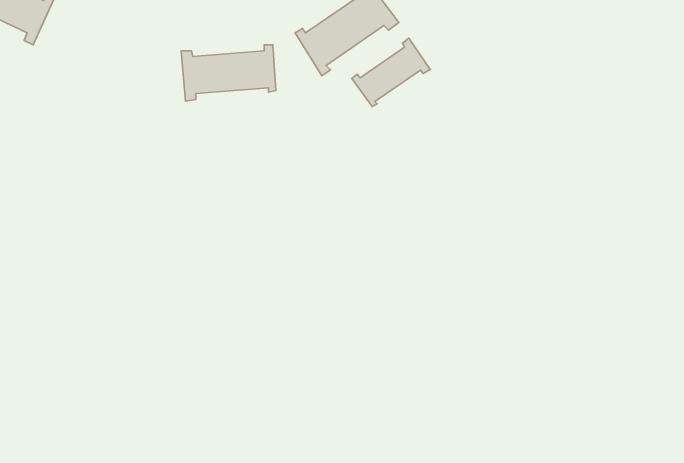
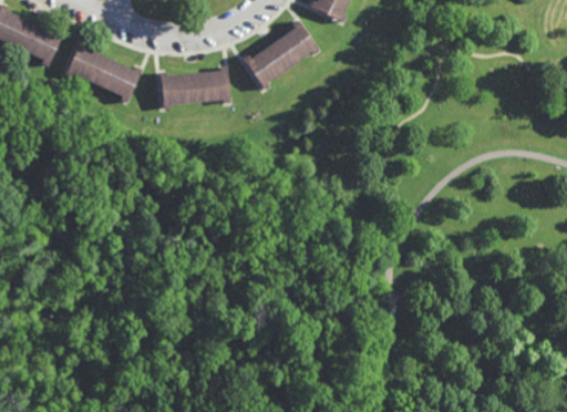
building: none -> [63,41,140,104]
building: [352,38,430,107] -> none

